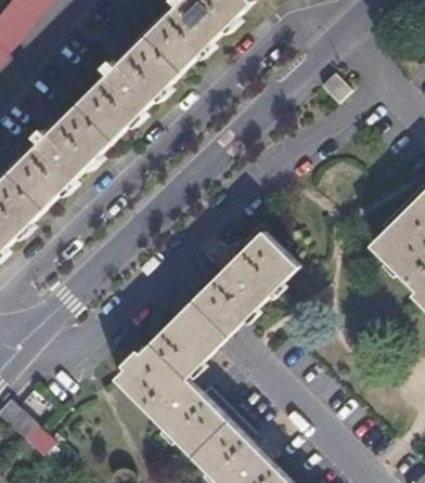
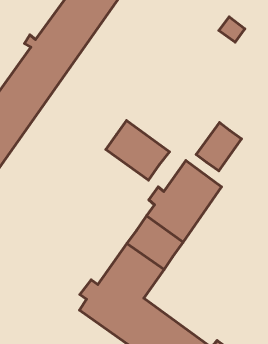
building: none -> [106,120,169,180]
building: none -> [196,122,242,171]

